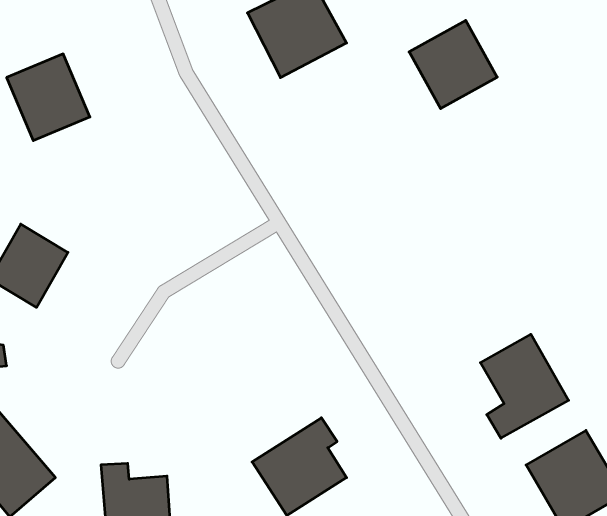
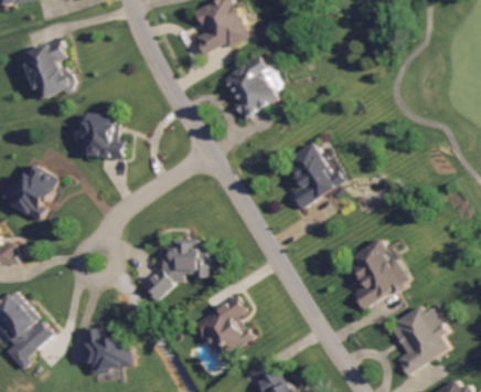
building: [409,20,497,109] -> [222,60,284,121]
building: none -> [84,114,125,157]
building: none -> [285,138,344,209]
building: none -> [148,241,206,292]

